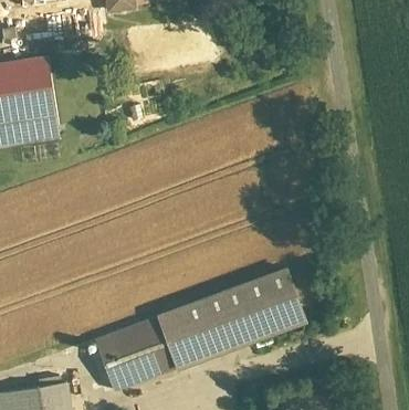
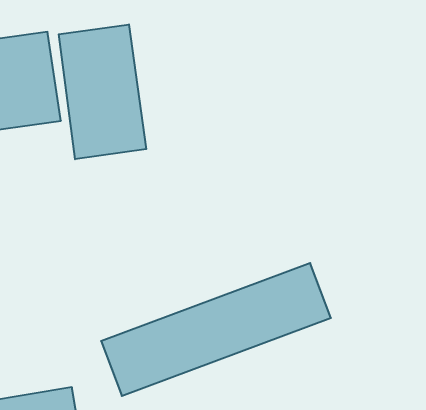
building: none -> [59,24,146,159]

